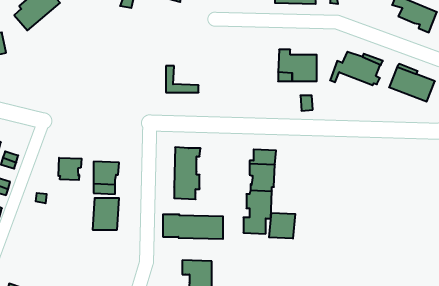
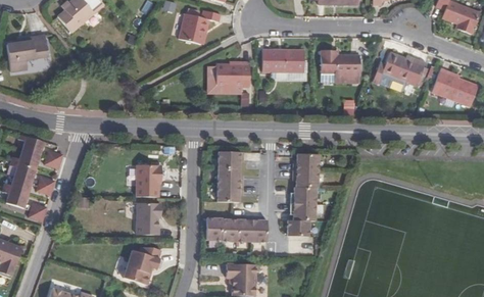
building: none -> [180,11,222,44]
building: none -> [262,50,305,73]
building: none -> [216,62,250,87]
building: [58,158,82,180] -> none
building: [269,213,295,239] -> none
building: none -> [124,246,161,284]

